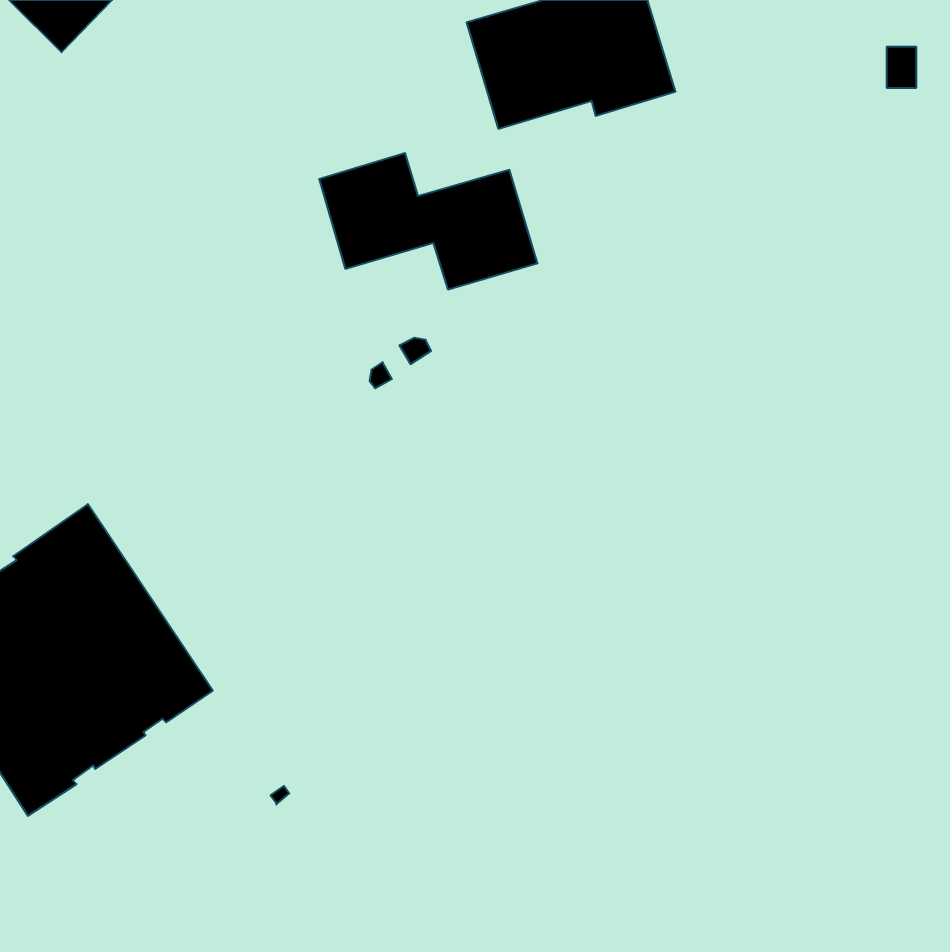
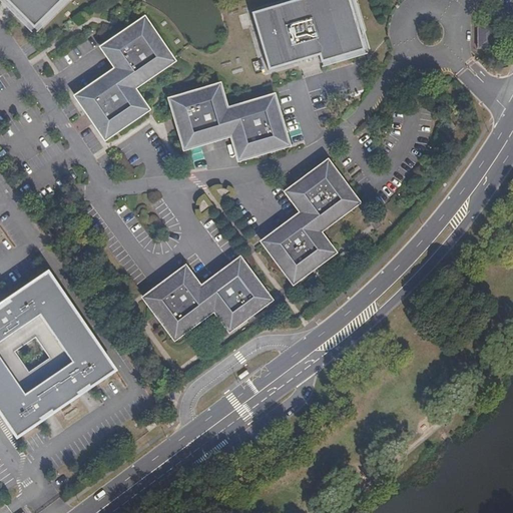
building: none -> [77,17,173,135]
building: none -> [264,158,359,278]
building: none -> [144,256,269,335]

